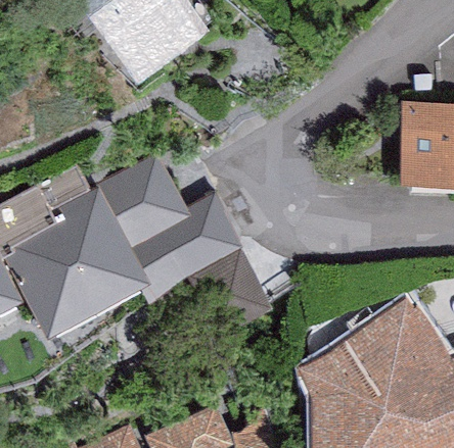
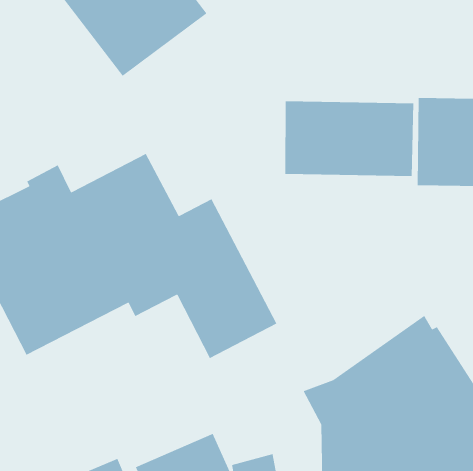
building: none -> [284,101,414,177]

